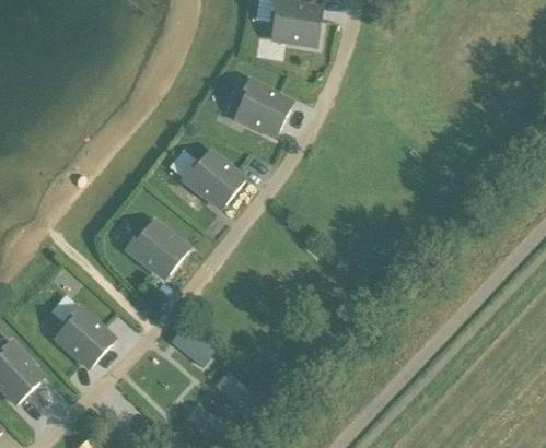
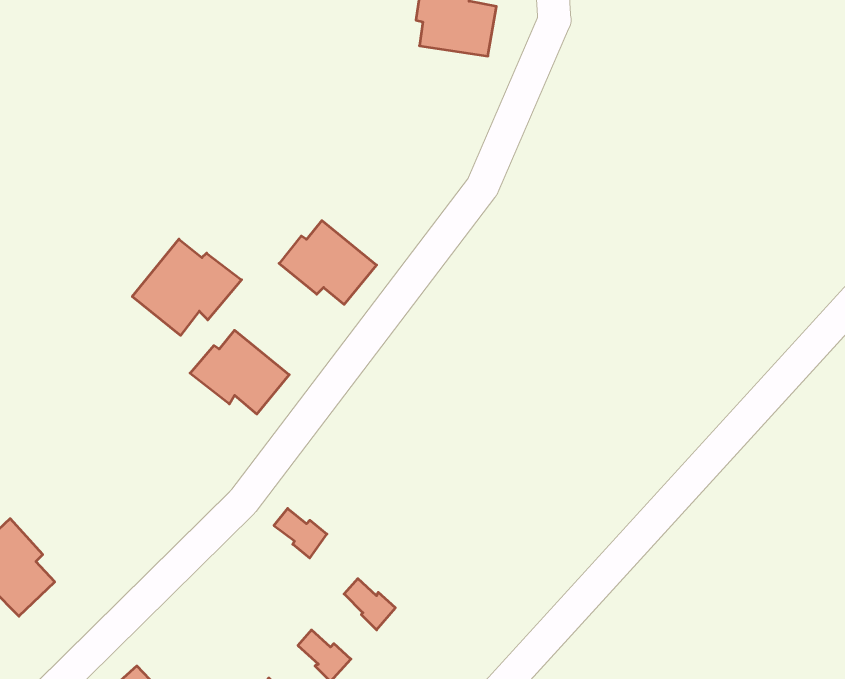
building: [234,80,289,137] -> none
building: none -> [132,239,242,335]
building: [55,306,109,368] -> none

